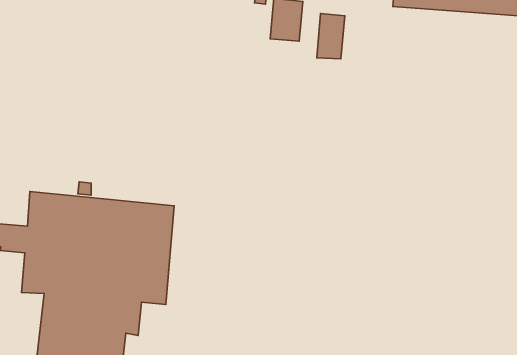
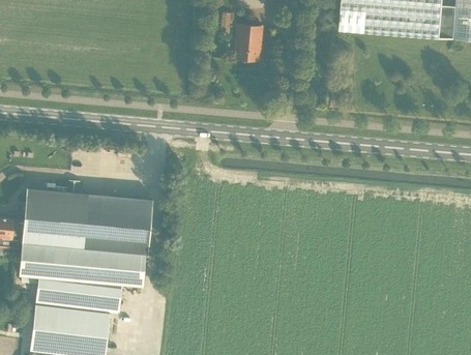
building: [317,14,345,59] -> none

